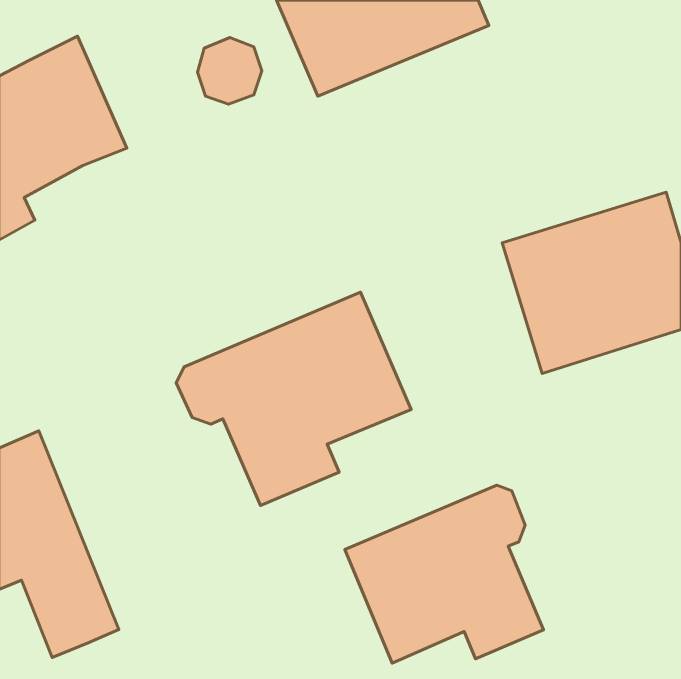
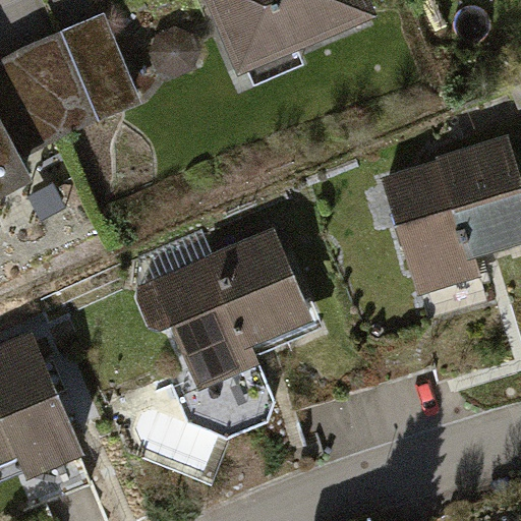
building: none -> [59,11,139,115]
building: [345,485,543,663] -> none

